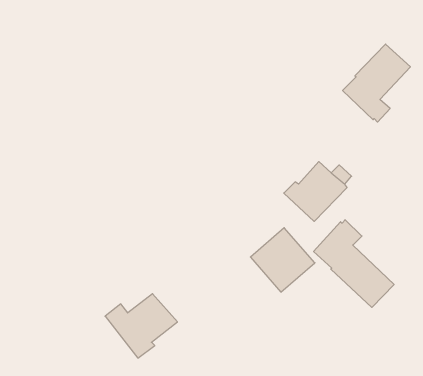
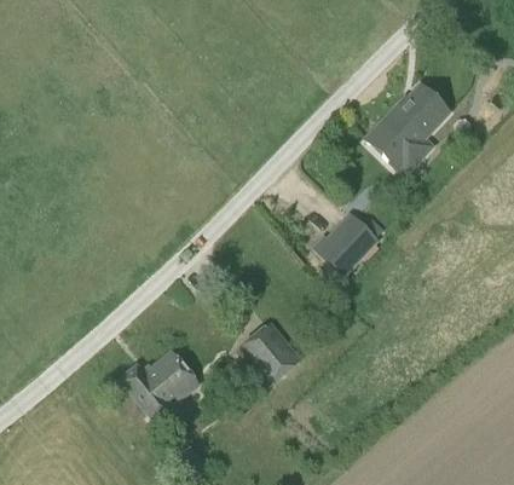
building: [314,220,394,307] -> none
building: [250,228,315,292] -> [232,319,301,388]

